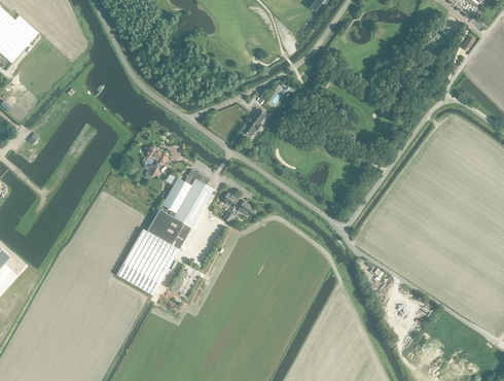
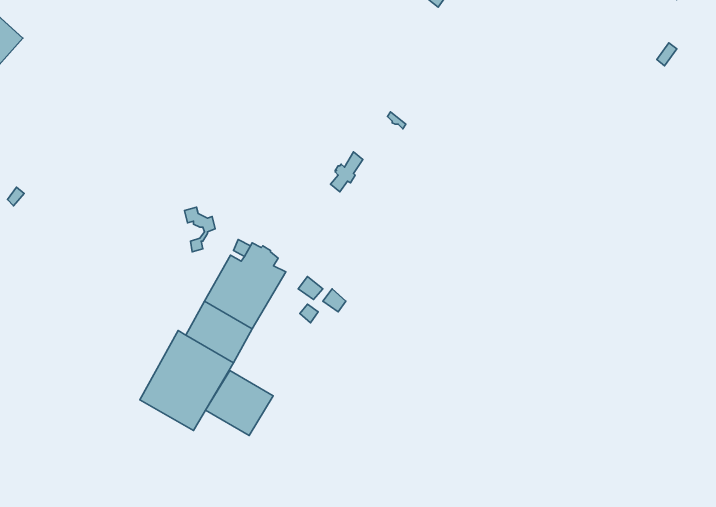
building: none -> [206,371,273,435]

